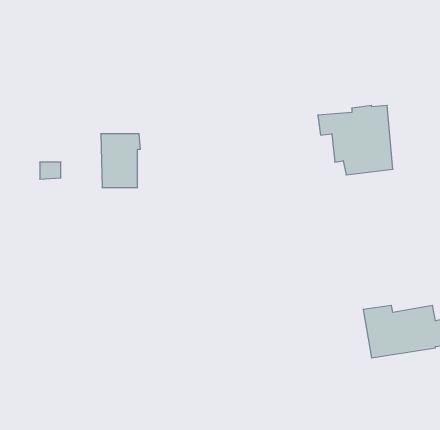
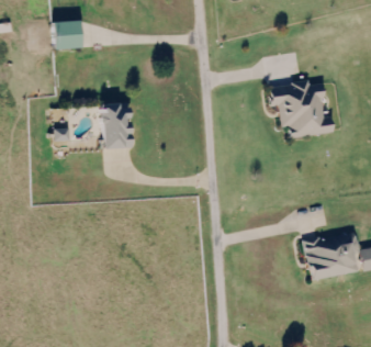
building: none -> [49,19,79,46]

